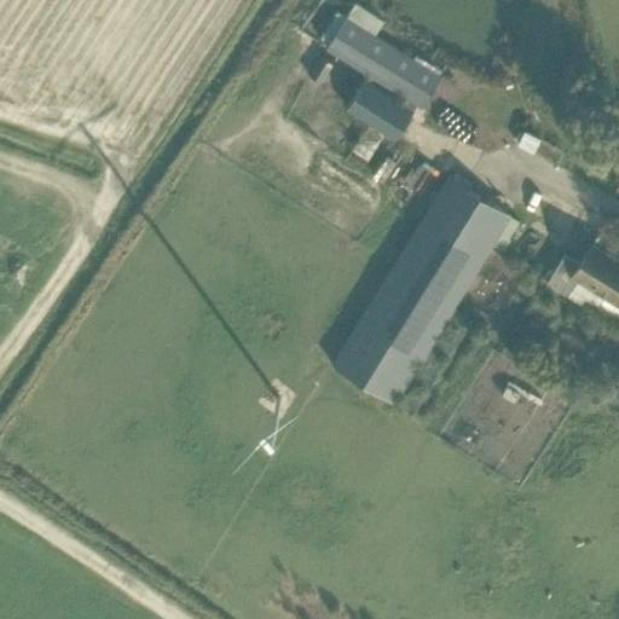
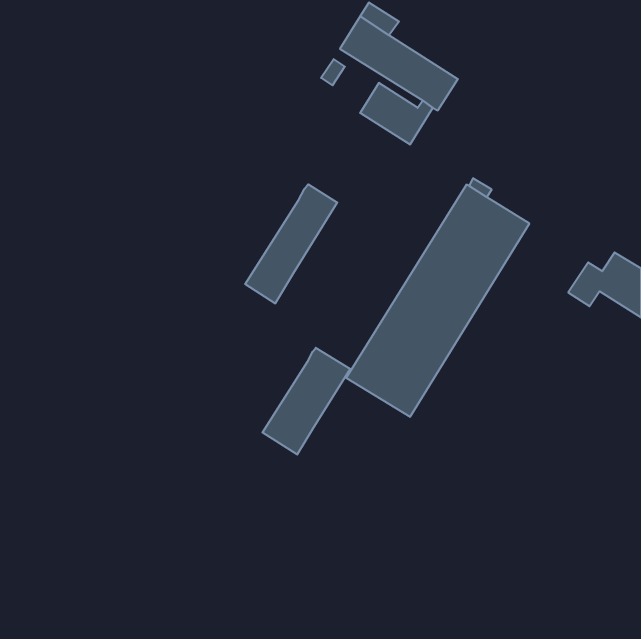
building: none -> [245,184,337,304]
building: none -> [262,348,350,455]

